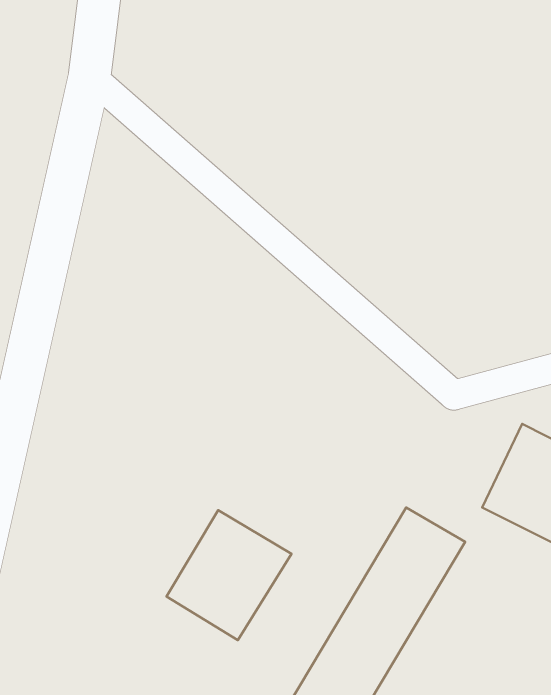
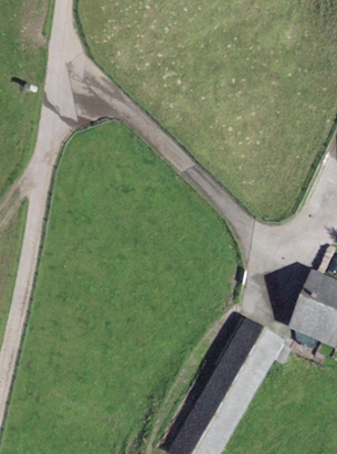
building: [167,510,292,640] -> none

